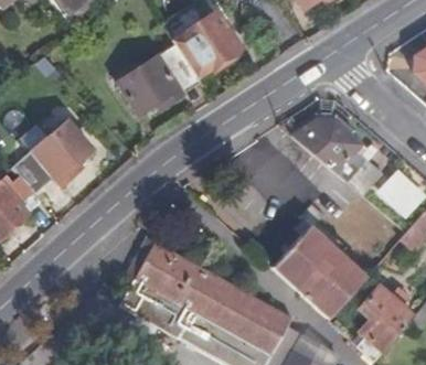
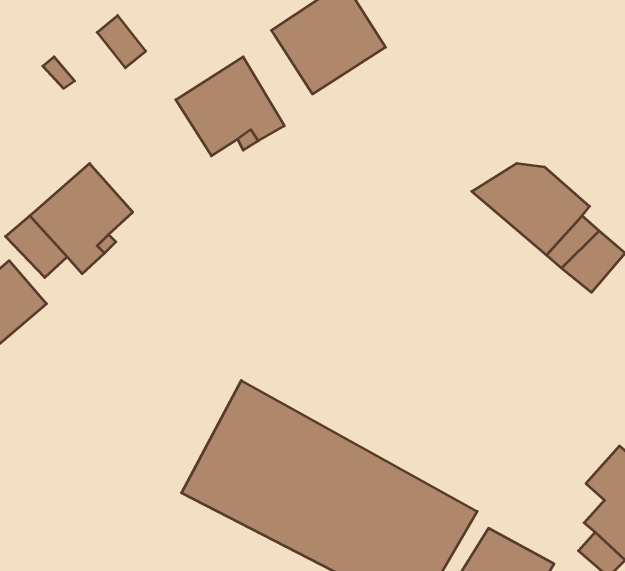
building: [157,42,201,95] -> none
building: [270,225,364,318] -> none

